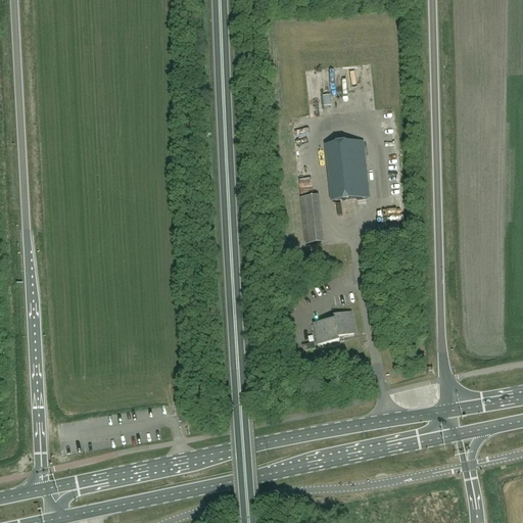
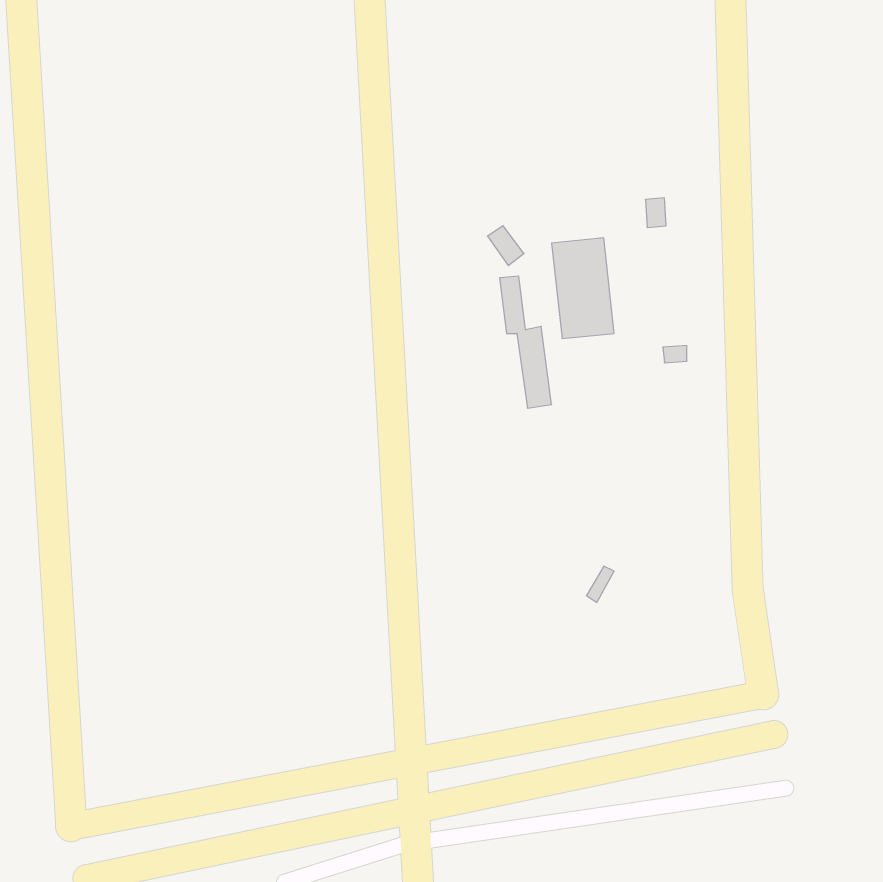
building: [312,311,352,343] -> none

